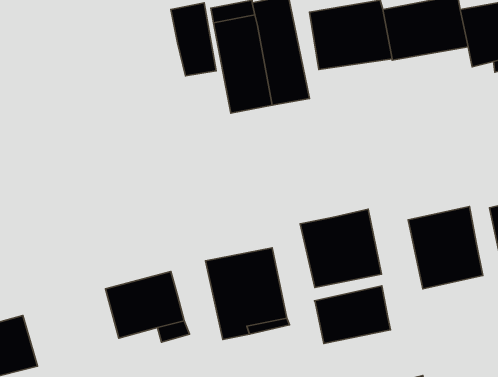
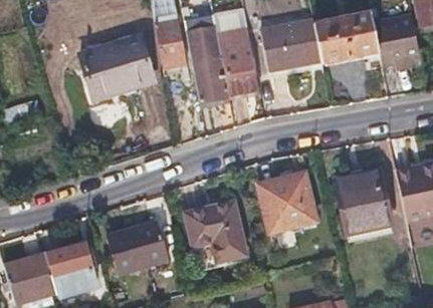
building: none -> [85,42,152,94]
building: [315,286,391,344] -> none
building: none -> [45,243,94,296]

